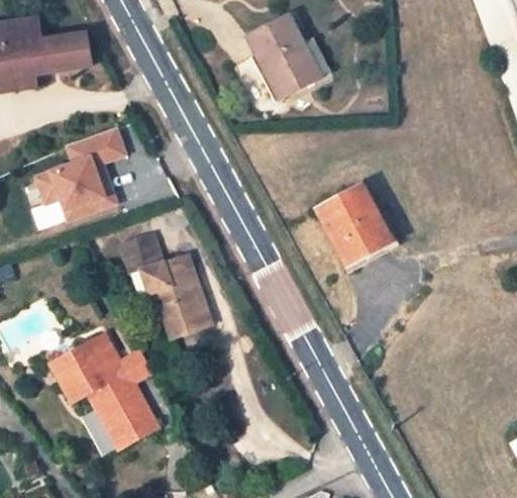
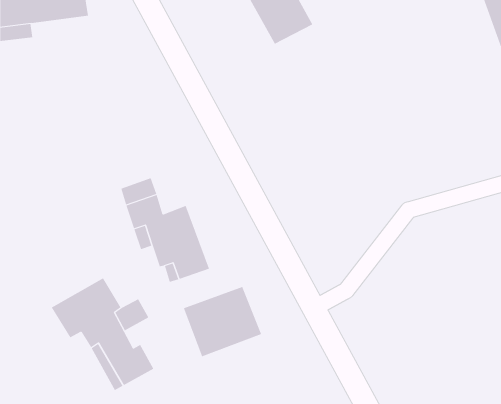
building: [33,124,129,219] -> none
building: [318,187,389,265] -> none
building: none -> [183,286,262,357]

